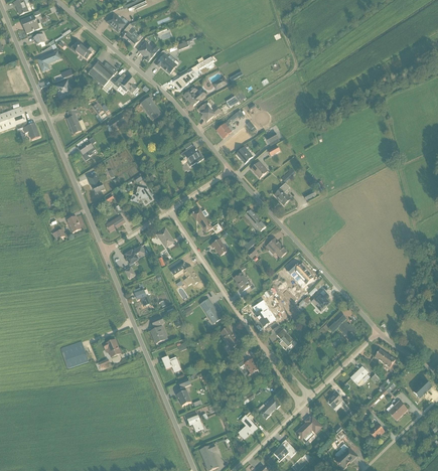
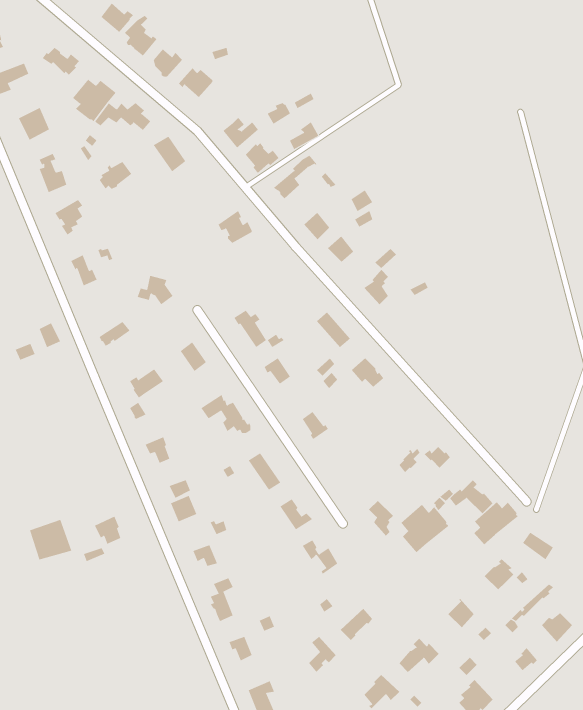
building: none -> [474,502,518,545]
building: none -> [400,504,449,553]

